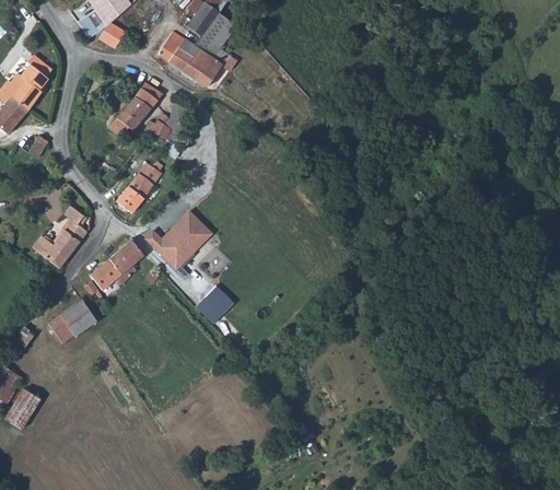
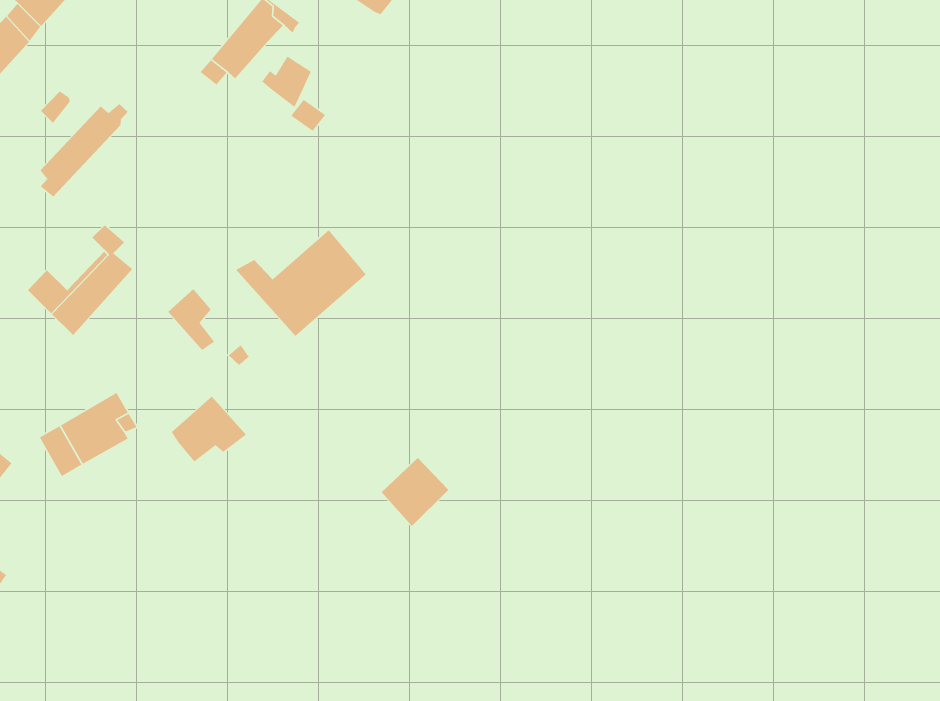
building: [115,161,161,215] -> [39,103,128,198]
building: [86,257,128,294] -> [171,396,247,462]
building: [197,280,234,318] -> [381,457,449,527]

